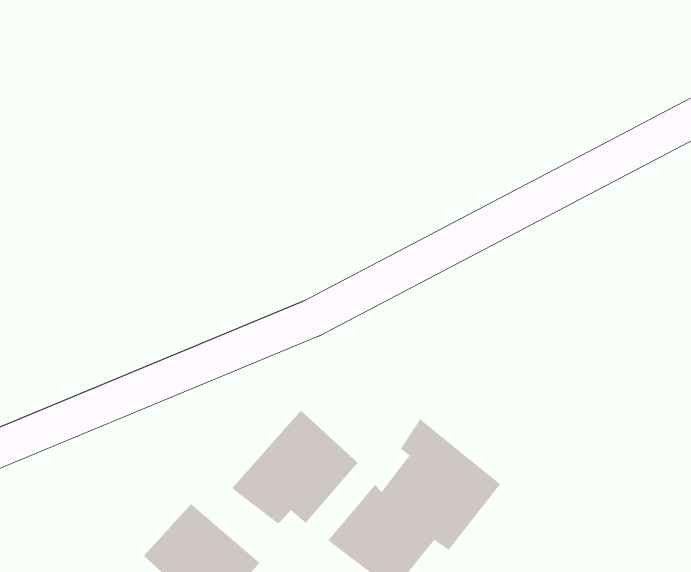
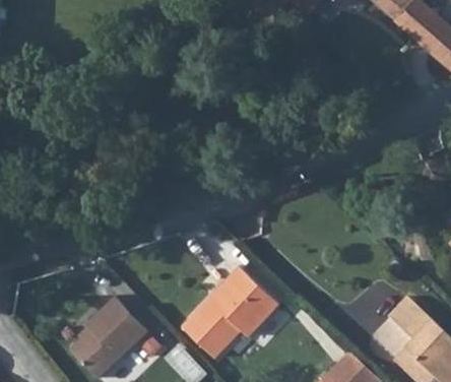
building: [231,410,359,524] -> none

